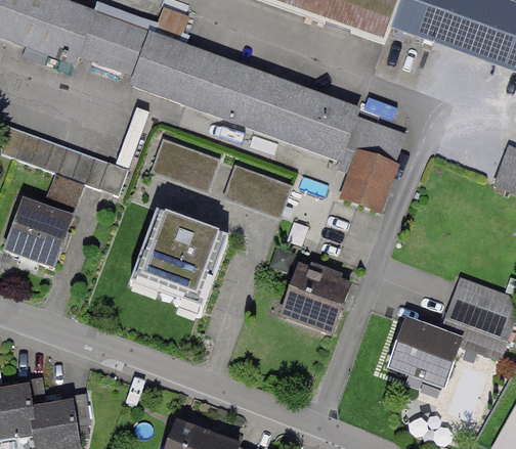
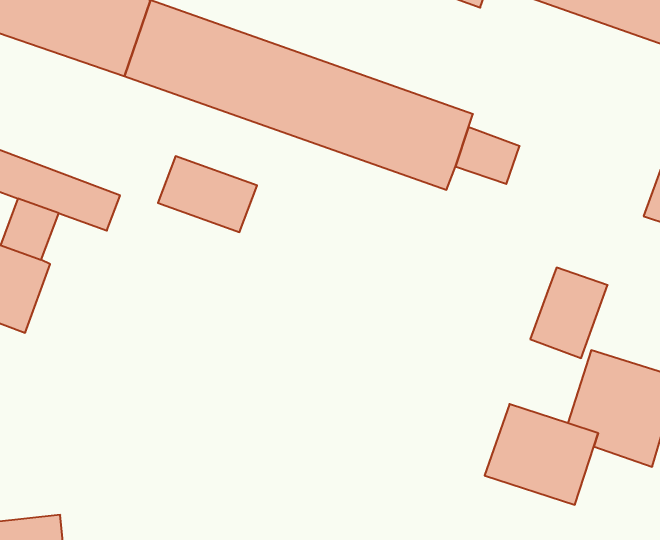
building: [344,148,398,212] -> [530,268,608,358]
building: [225,166,298,217] -> none
building: [135,212,224,308] -> none
building: [277,256,352,339] -> none

